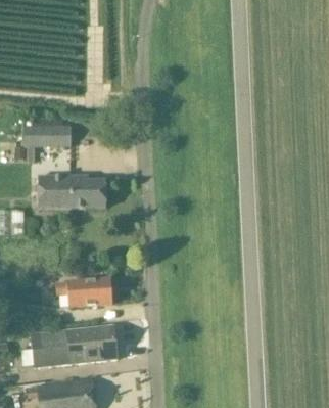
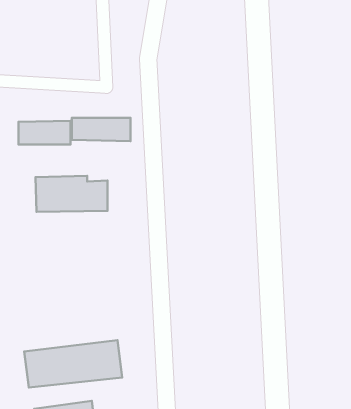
building: none -> [72,118,131,141]
building: [56,278,112,307] -> none

